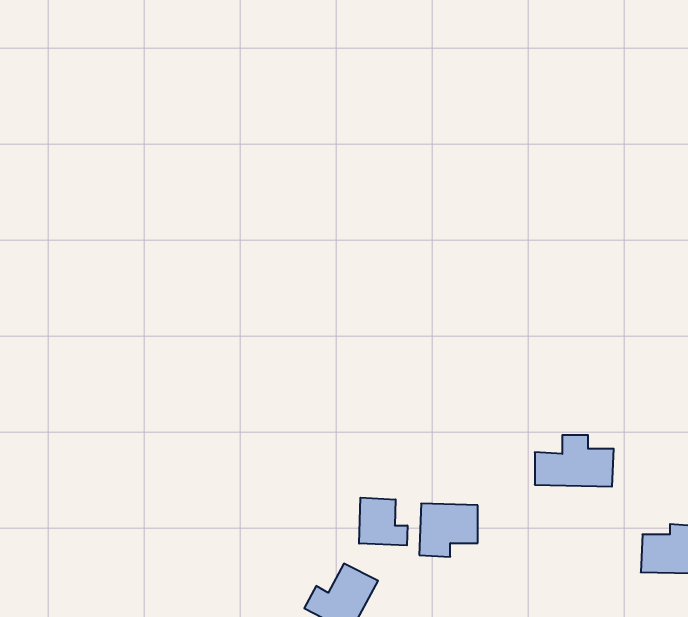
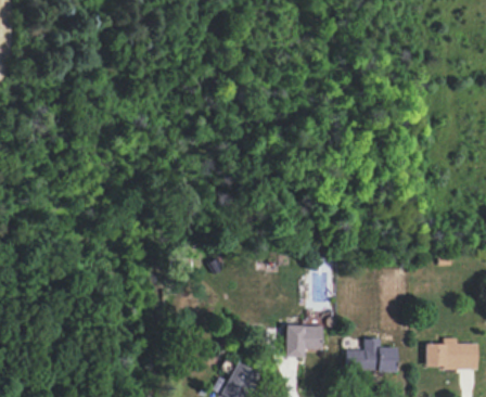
building: [535,435,614,487] -> [347,338,397,371]
building: [359,498,407,545] -> none

